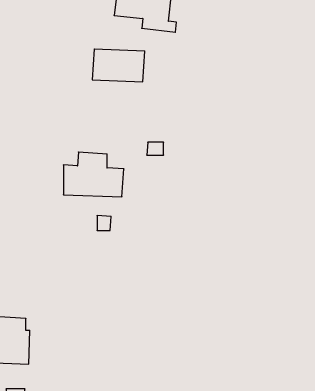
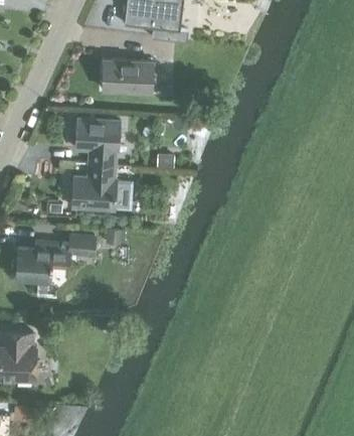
building: none -> [76,119,121,166]
building: none -> [15,236,96,279]

